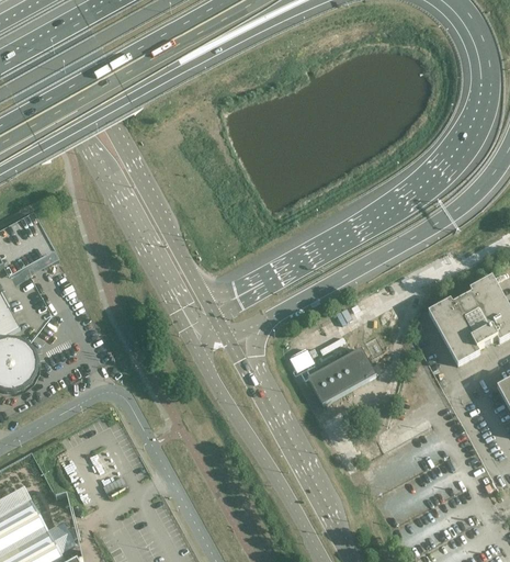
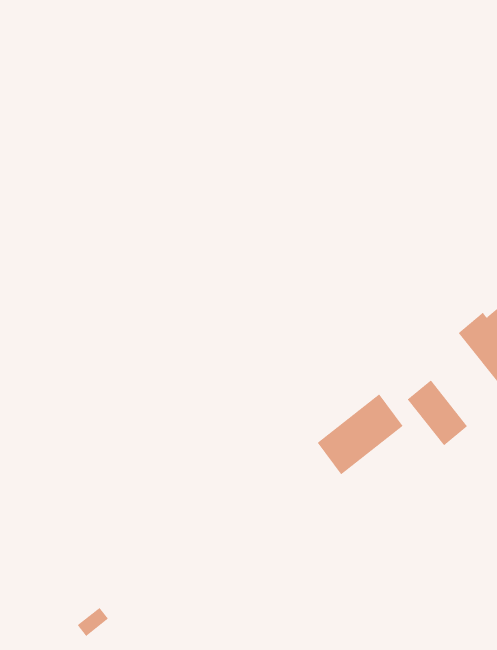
building: none -> [407,379,468,446]

